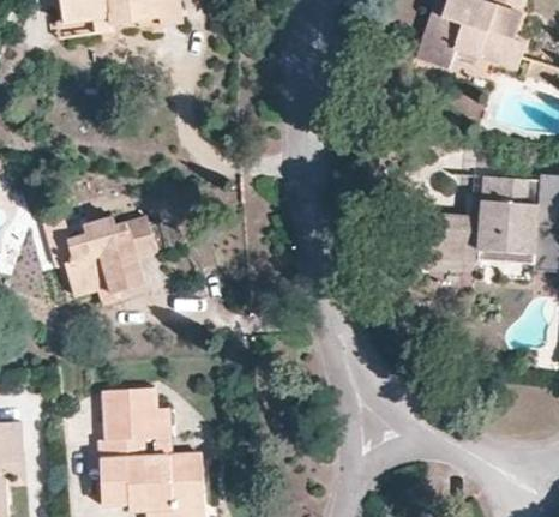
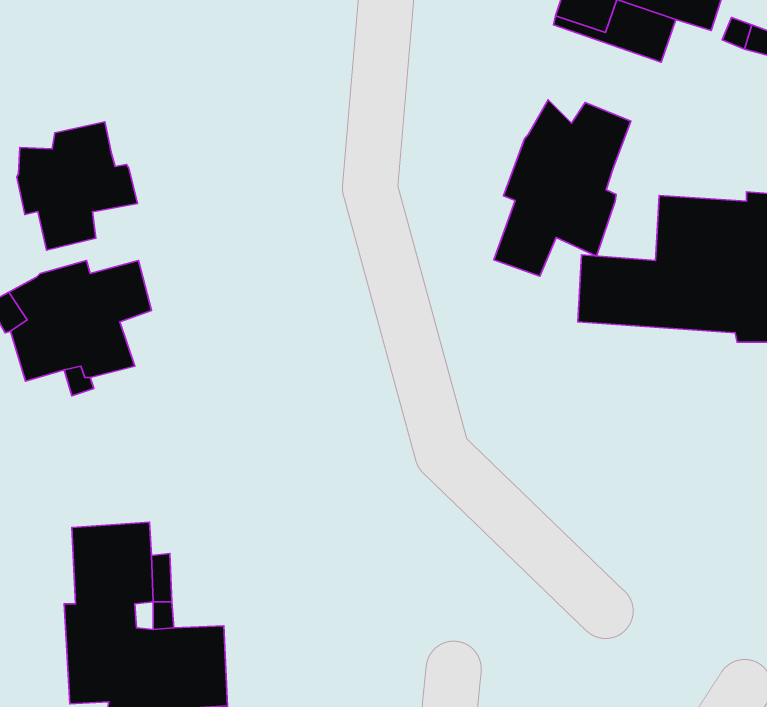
building: none -> [494,100,631,276]
building: none -> [17,122,138,250]

